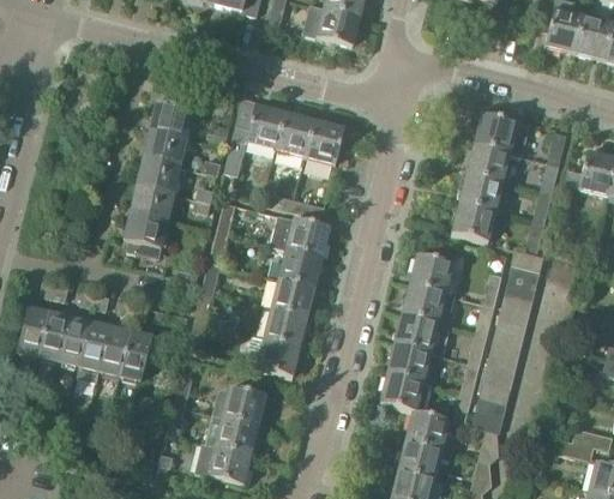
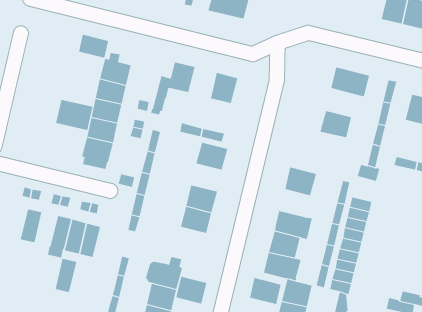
building: none -> [78,34,109,58]
building: [275,112,313,156] -> none
building: [466,142,511,182] -> none
building: none -> [56,99,93,131]
building: [452,203,496,240] -> none
building: [259,247,321,287] -> none
building: [504,265,538,301] -> none
building: [401,283,455,324] -> none
building: [17,306,48,354] -> none
building: [59,315,90,363] -> [55,258,77,292]
building: [255,336,300,375] -> [175,276,207,304]
building: none -> [250,277,281,305]

